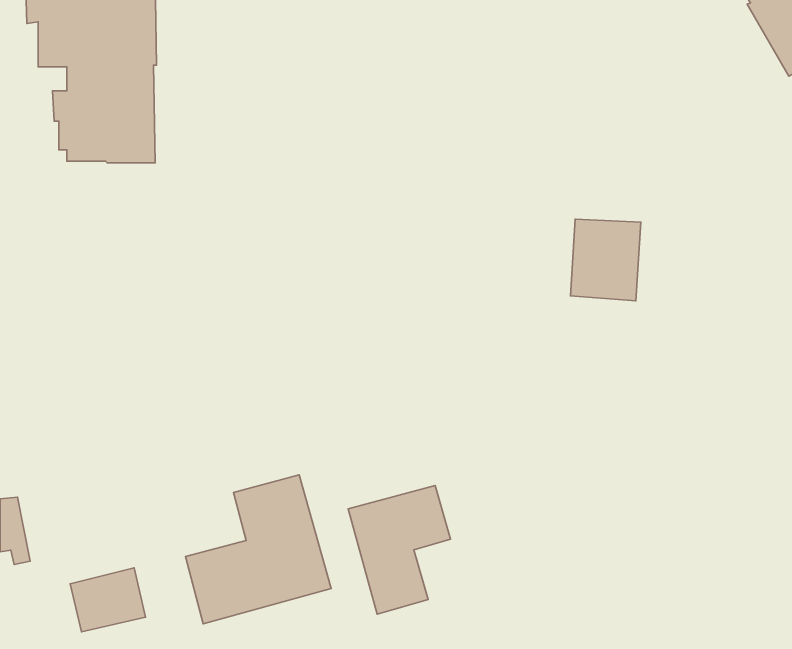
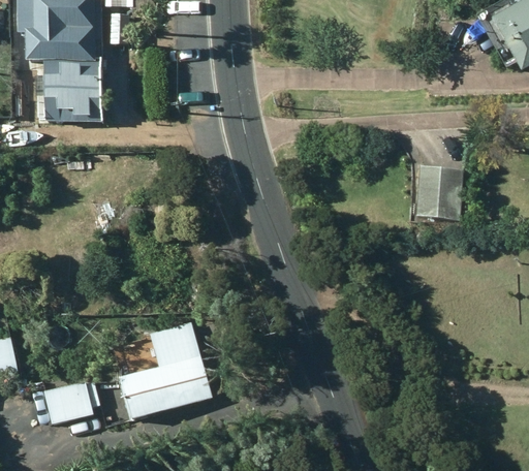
building: [570,219,641,301] -> [417,166,463,219]
building: [348,486,450,614] -> none

